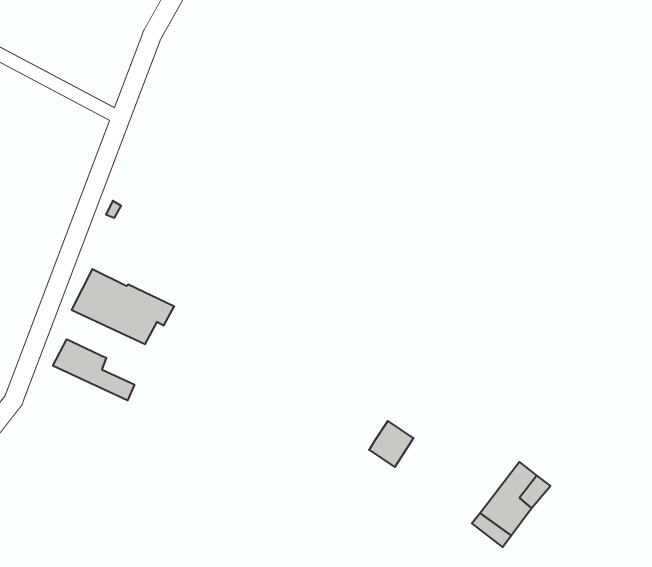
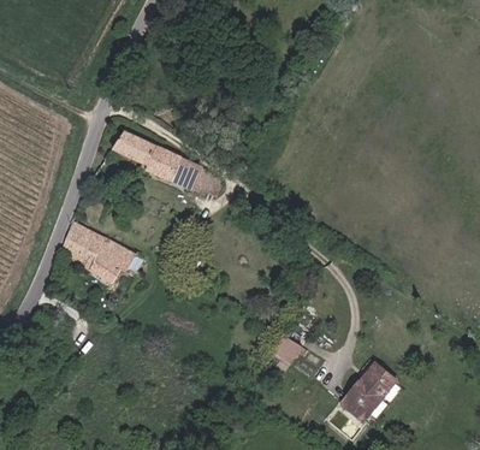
building: none -> [113,131,206,185]
building: [53,339,134,400] -> none

